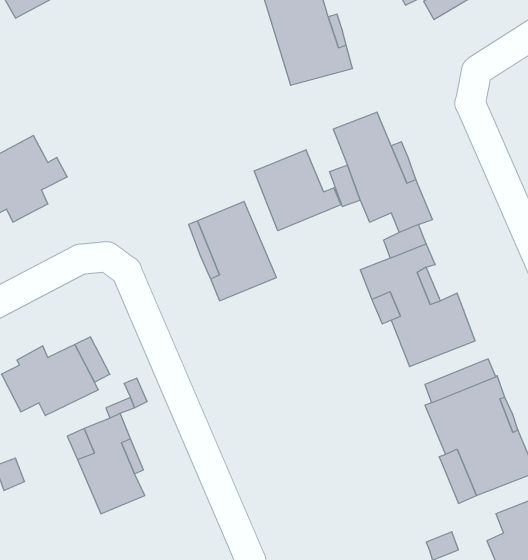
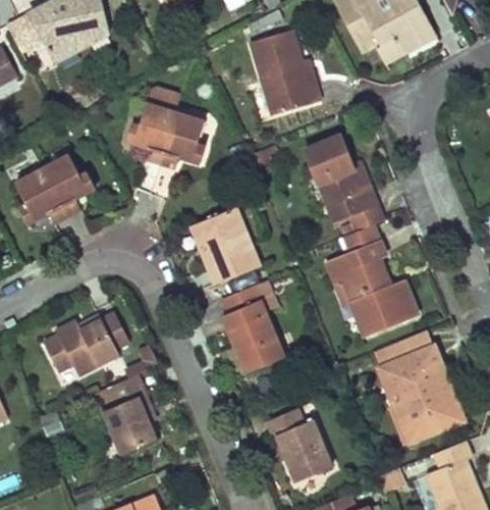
building: none -> [126,88,205,166]
building: [254,150,341,231] -> none
building: none -> [222,285,283,373]
building: none -> [266,407,331,481]

